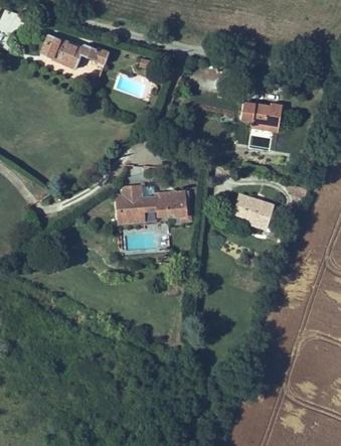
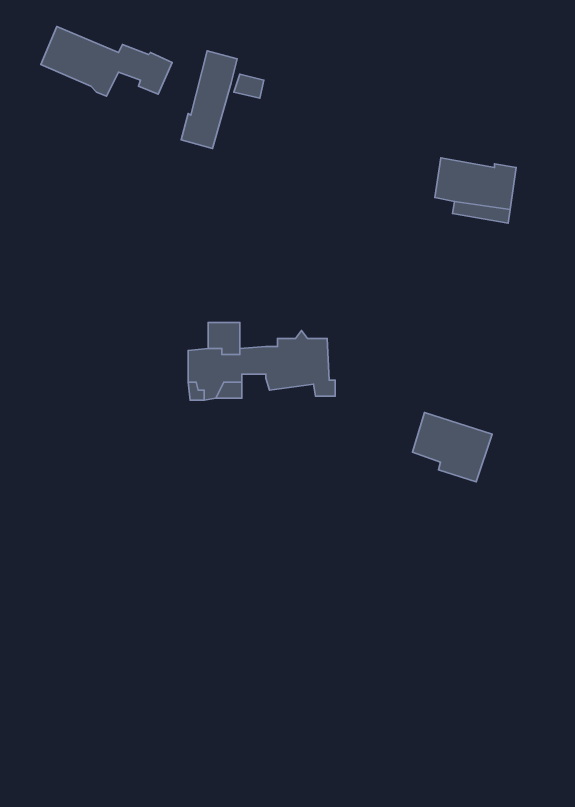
building: none -> [181,51,237,149]
building: [234,194,275,230] -> [412,412,492,482]

